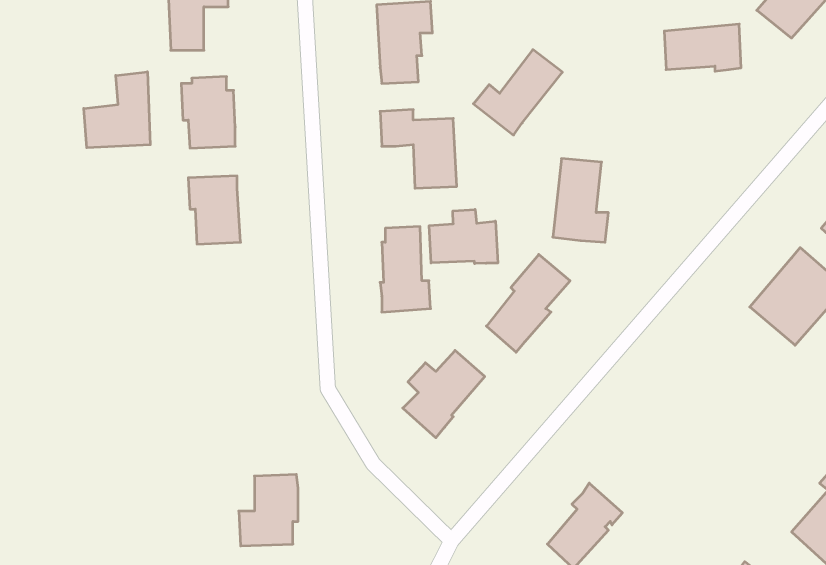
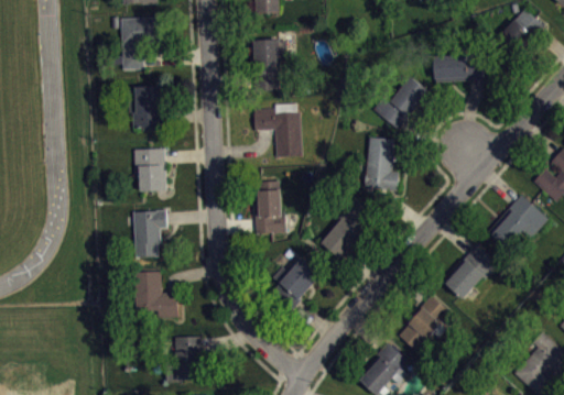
building: [473,50,562,135] -> [372,76,429,130]
building: [84,72,150,148] -> none
building: [429,209,498,264] -> none
building: none -> [132,210,166,257]
building: none -> [443,244,499,299]
building: none -> [132,271,177,318]
building: none -> [397,295,451,351]

